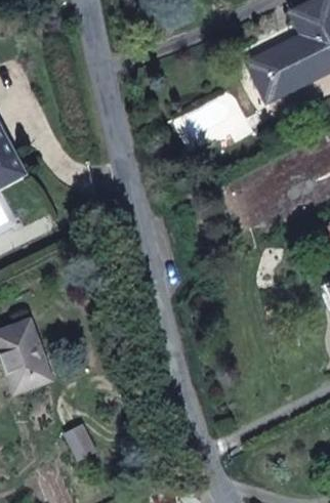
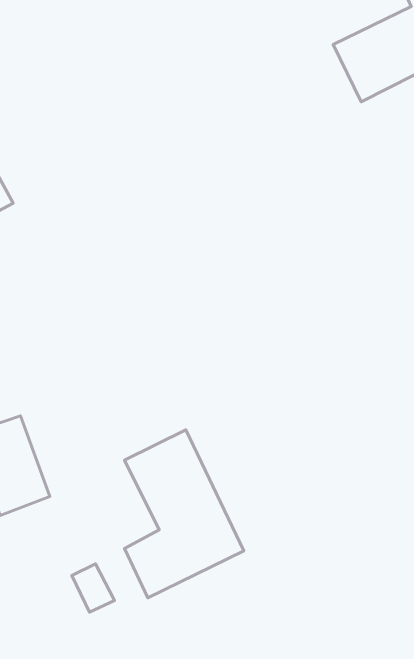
building: none -> [125,430,244,598]

